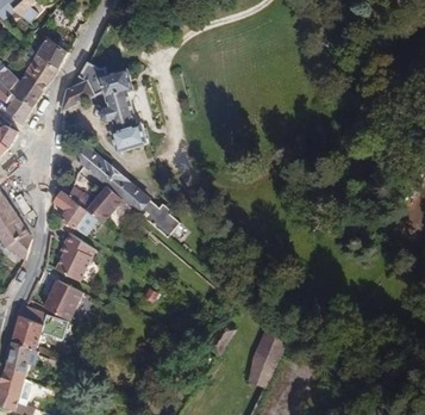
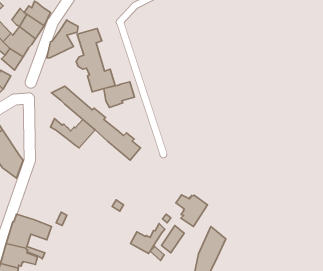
building: none -> [104,82,135,108]
building: [52,193,98,236] -> none
building: [55,233,95,280] -> none
building: [44,279,83,320] -> none
building: none -> [176,195,208,227]
building: none -> [130,223,165,253]

